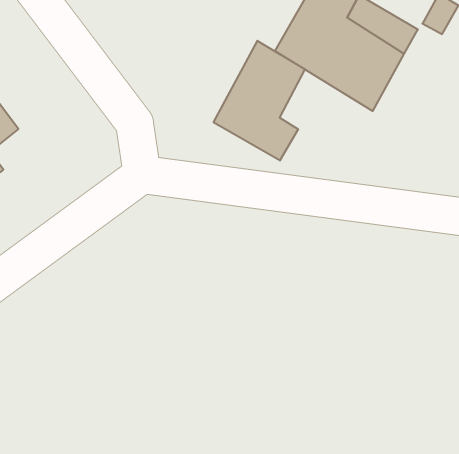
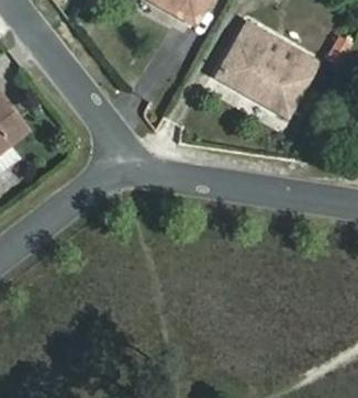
building: [214,41,305,161] -> none

